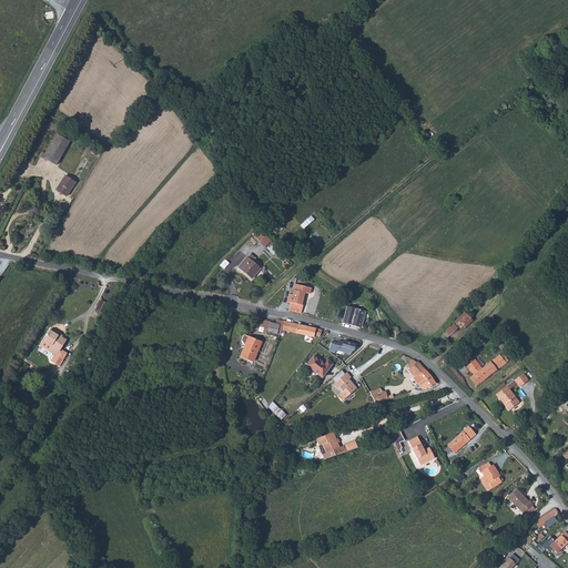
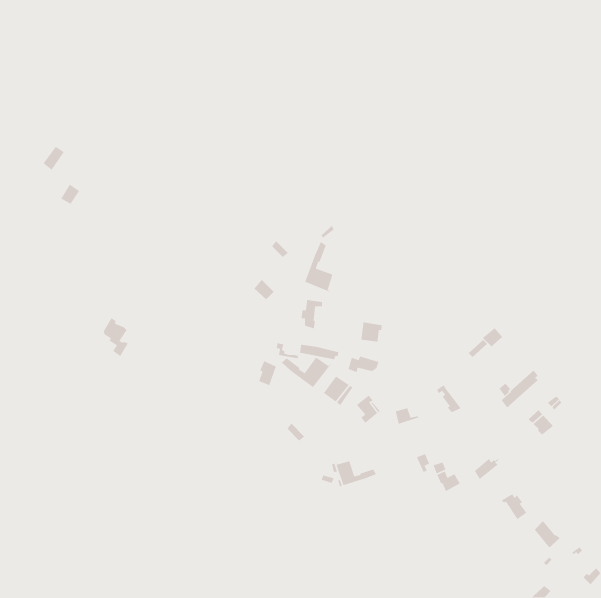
building: none -> [304,241,334,293]
building: [43,331,68,368] -> [103,317,129,357]
building: none -> [281,357,332,388]

